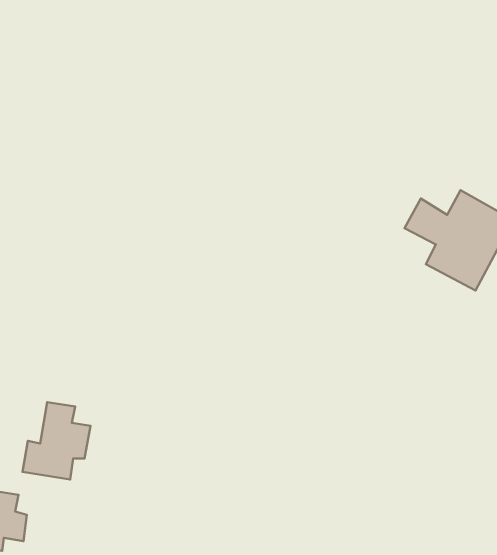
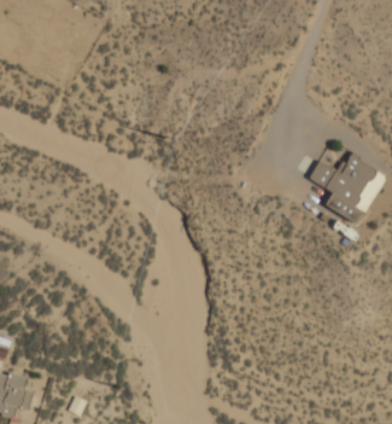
building: [22,402,91,480] -> none

